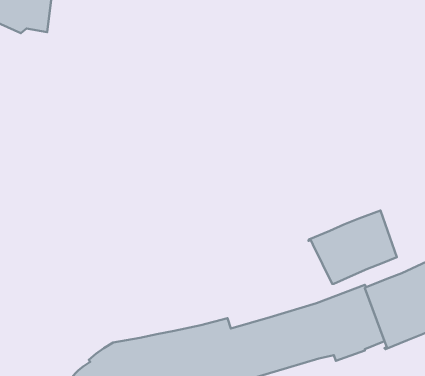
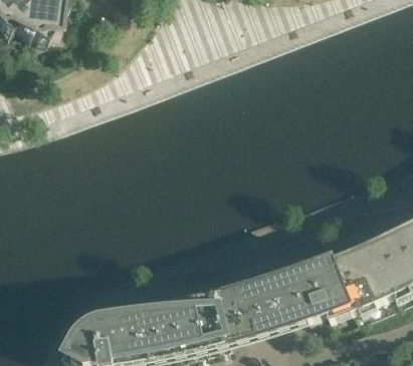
building: [309,210,397,284] -> none

